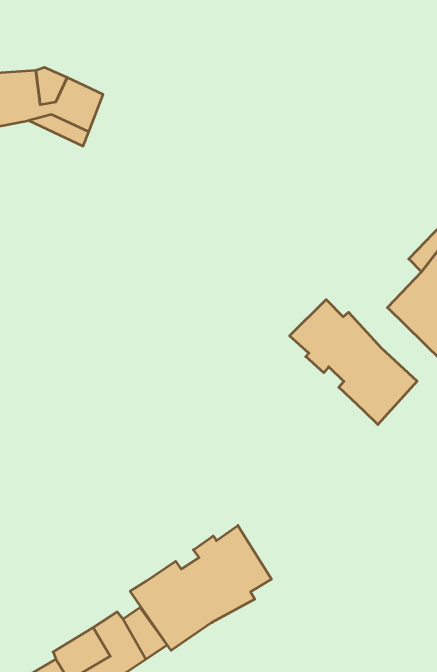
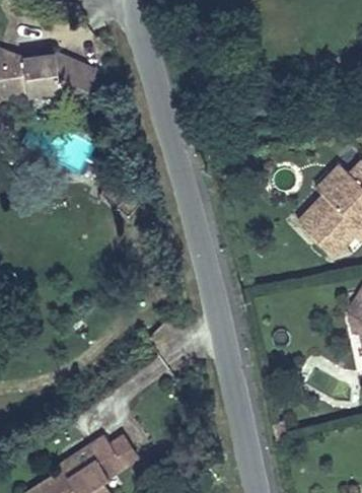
building: [290,300,417,425] -> none
building: [130,525,271,650] -> none

